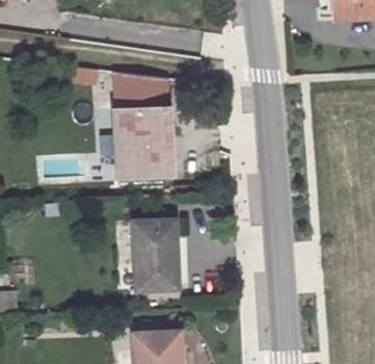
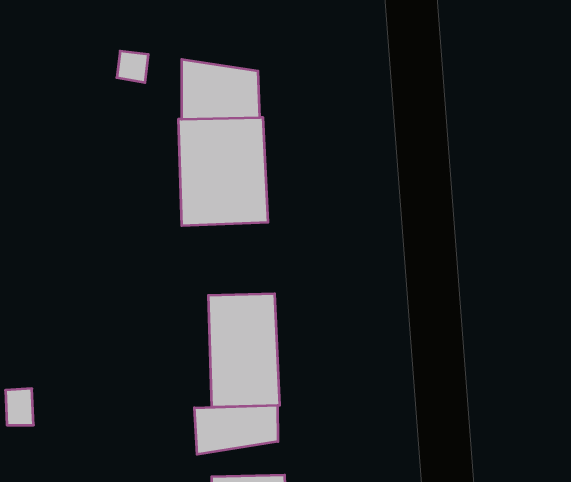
building: none -> [194,405,278,454]

